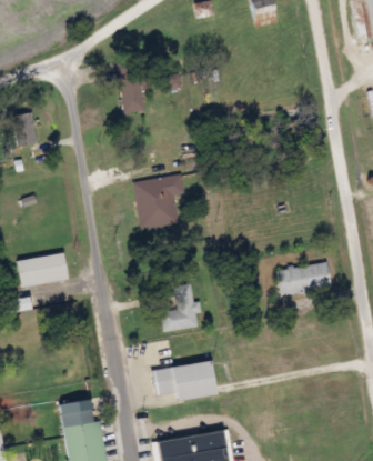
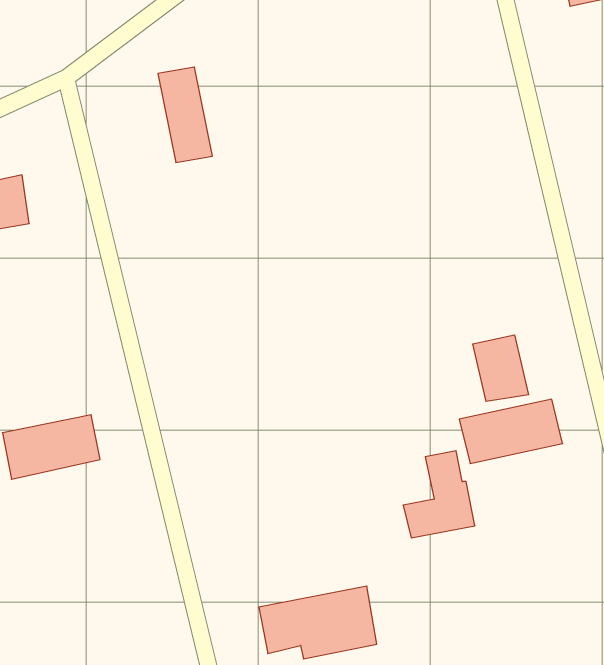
building: [132,174,183,229] -> none
building: none -> [473,335,528,401]
building: [159,283,199,331] -> [403,451,475,538]

